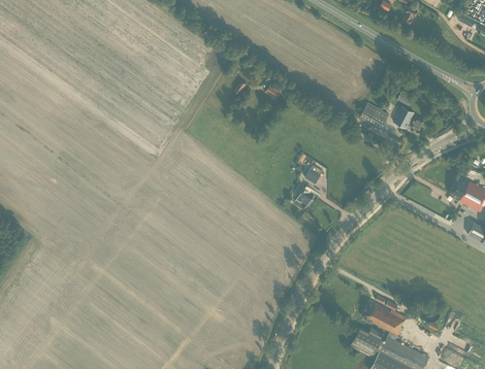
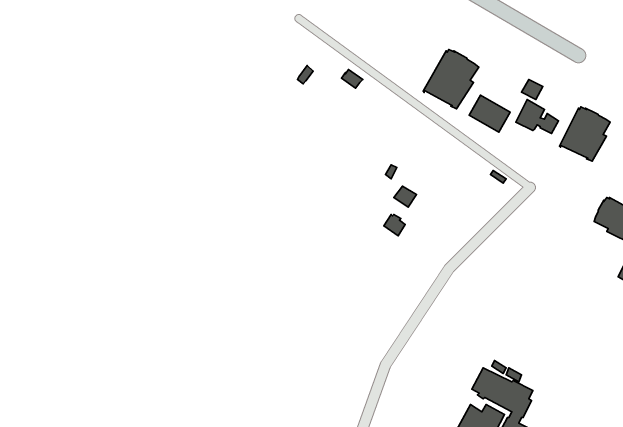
building: none -> [423,49,479,109]
building: none -> [560,107,610,161]

